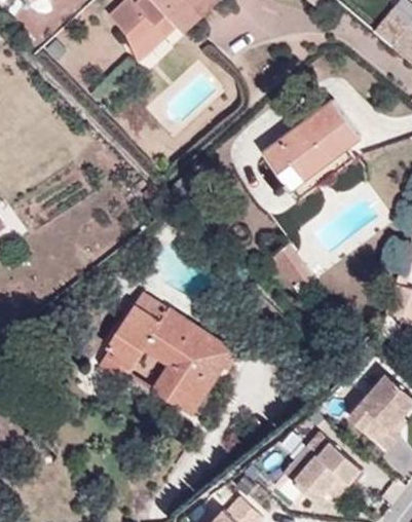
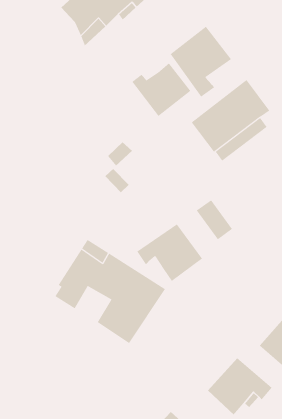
building: none -> [170,26,232,98]
building: none -> [131,62,191,117]
building: none -> [136,224,203,282]

